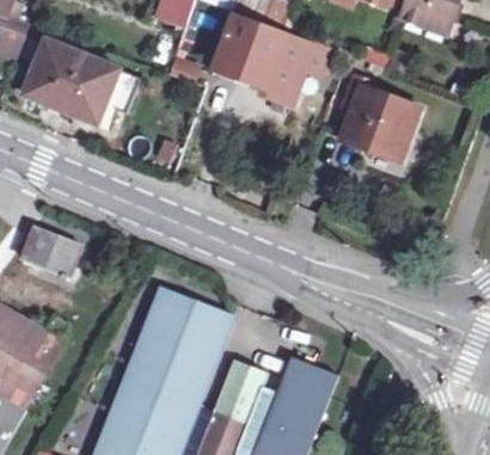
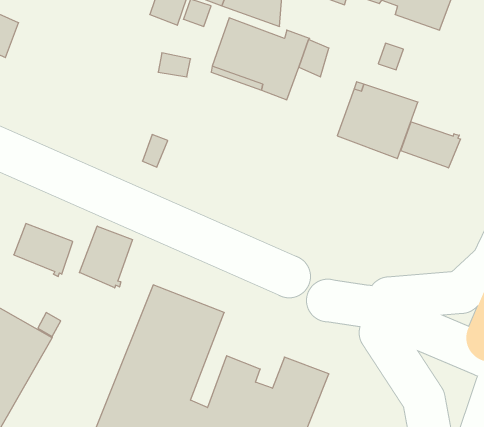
building: [23,42,136,128] -> none
building: none -> [401,122,460,168]
building: none -> [79,226,132,288]

